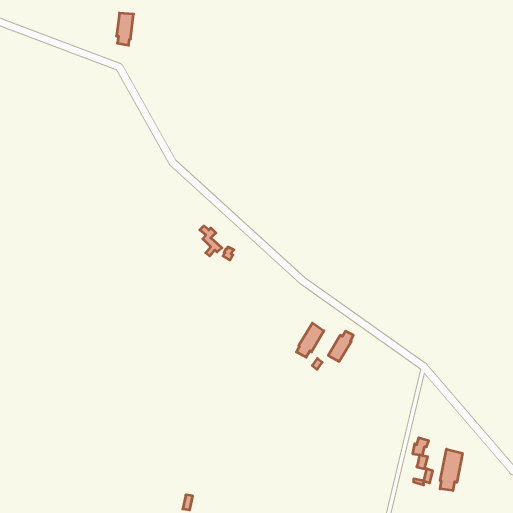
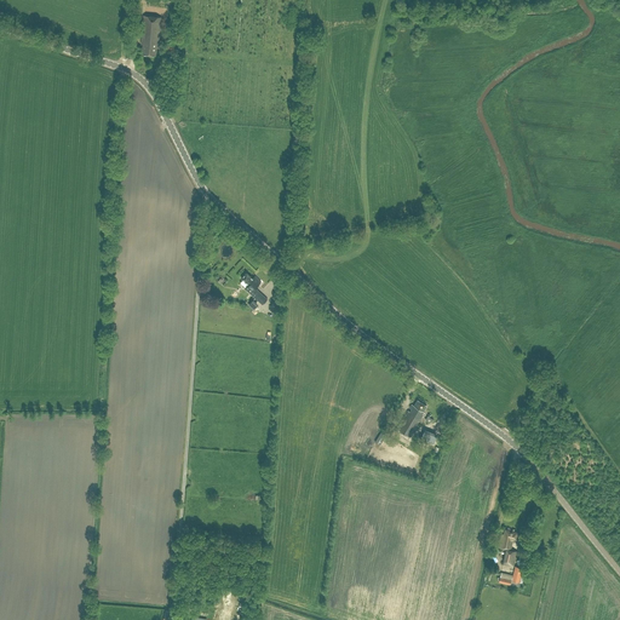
building: [296,323,324,357] -> none
building: [440,449,462,491] -> none

